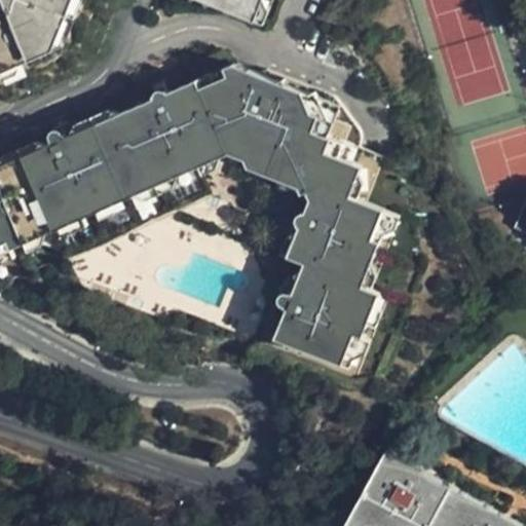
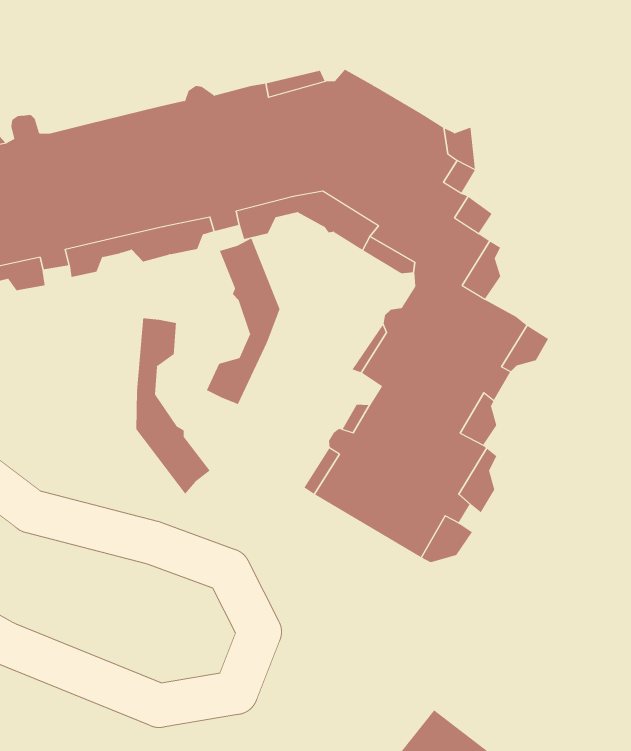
building: none -> [206,238,280,405]
building: none -> [136,318,211,495]

